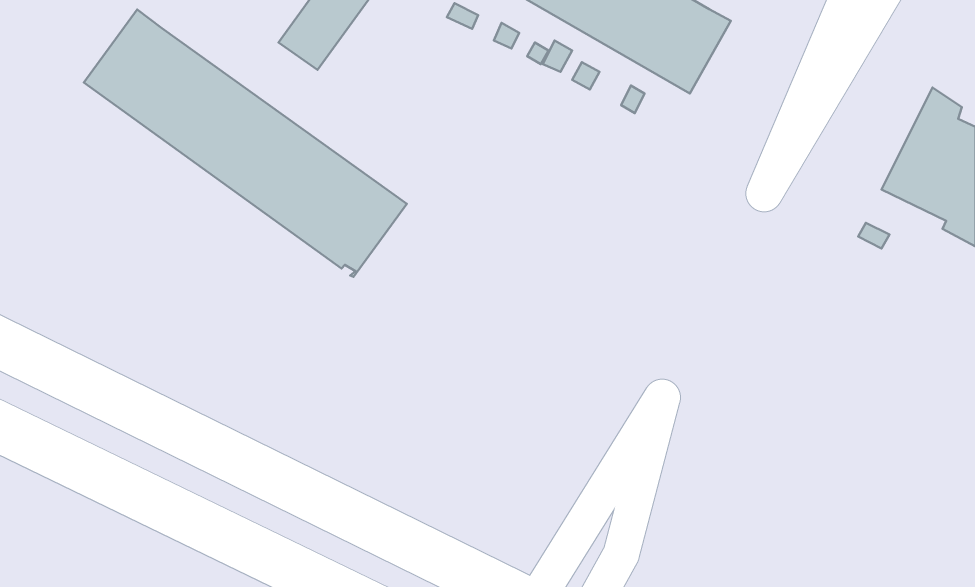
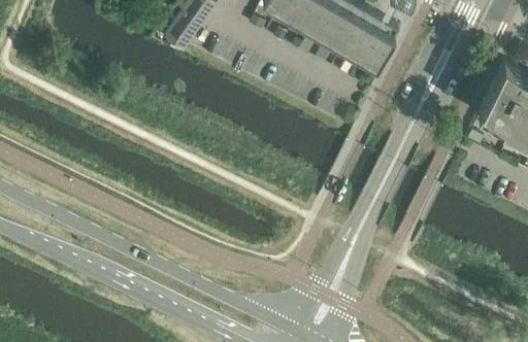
building: [84,10,407,277] -> none

